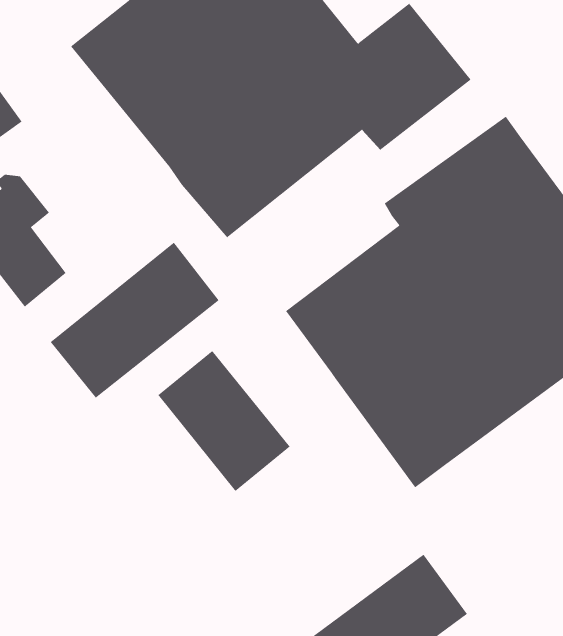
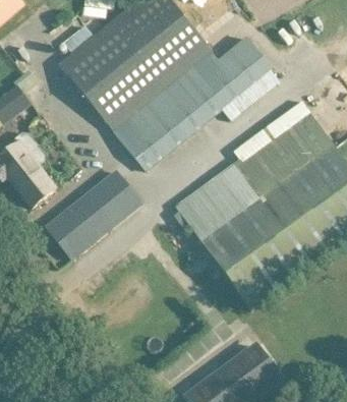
building: [157,350,290,492] -> none

